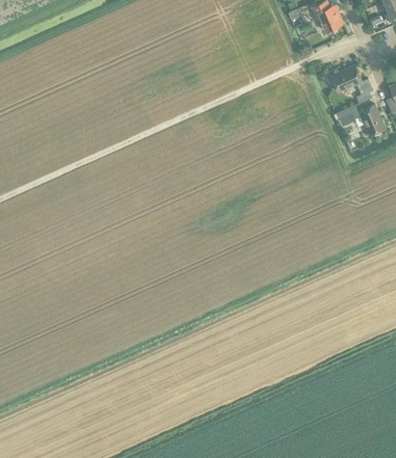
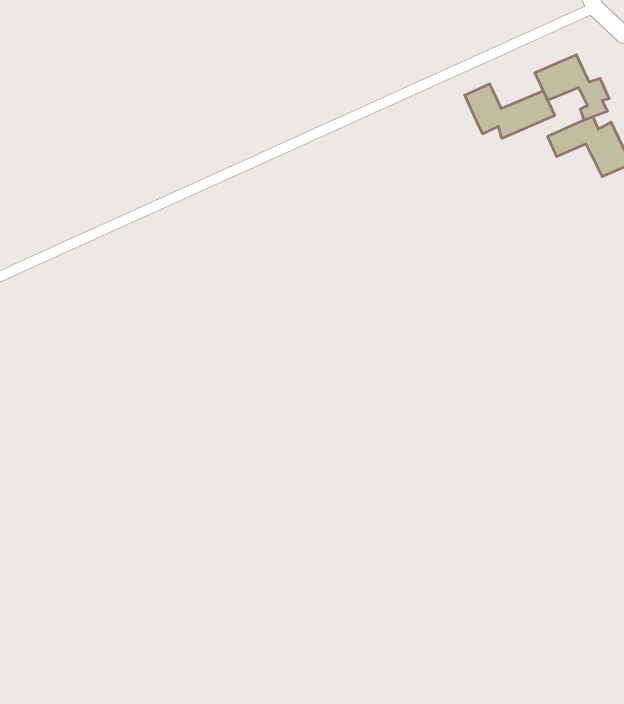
building: none -> [465,84,555,138]

